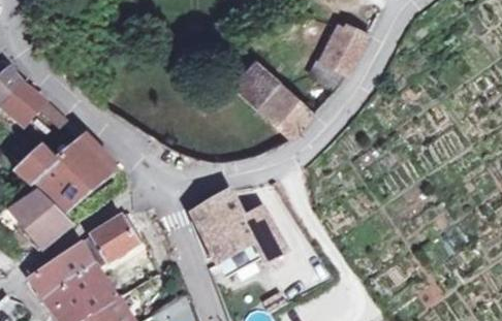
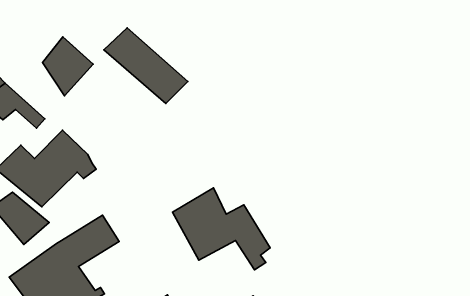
building: [318,21,367,72] -> none
building: none -> [43,37,93,96]
building: [228,63,311,137] -> [104,28,188,103]

